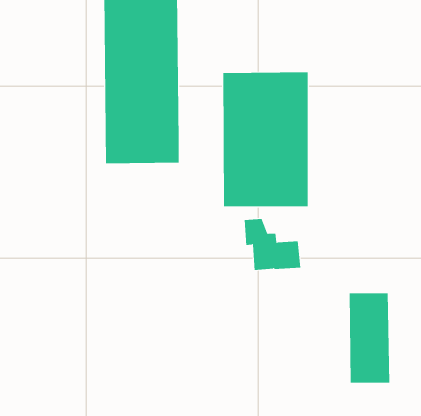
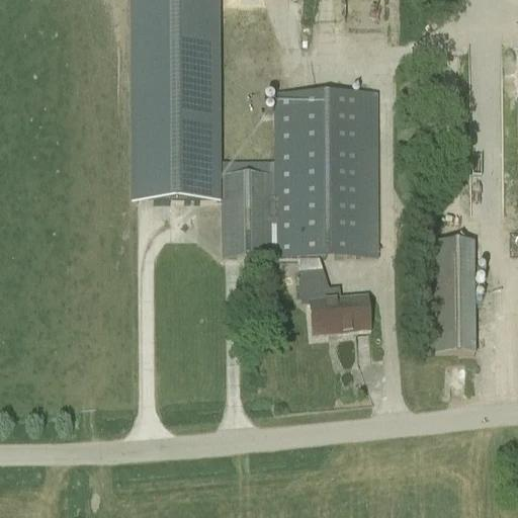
building: none -> [222,172,271,253]
building: [349,293,390,383] -> [425,241,476,351]

